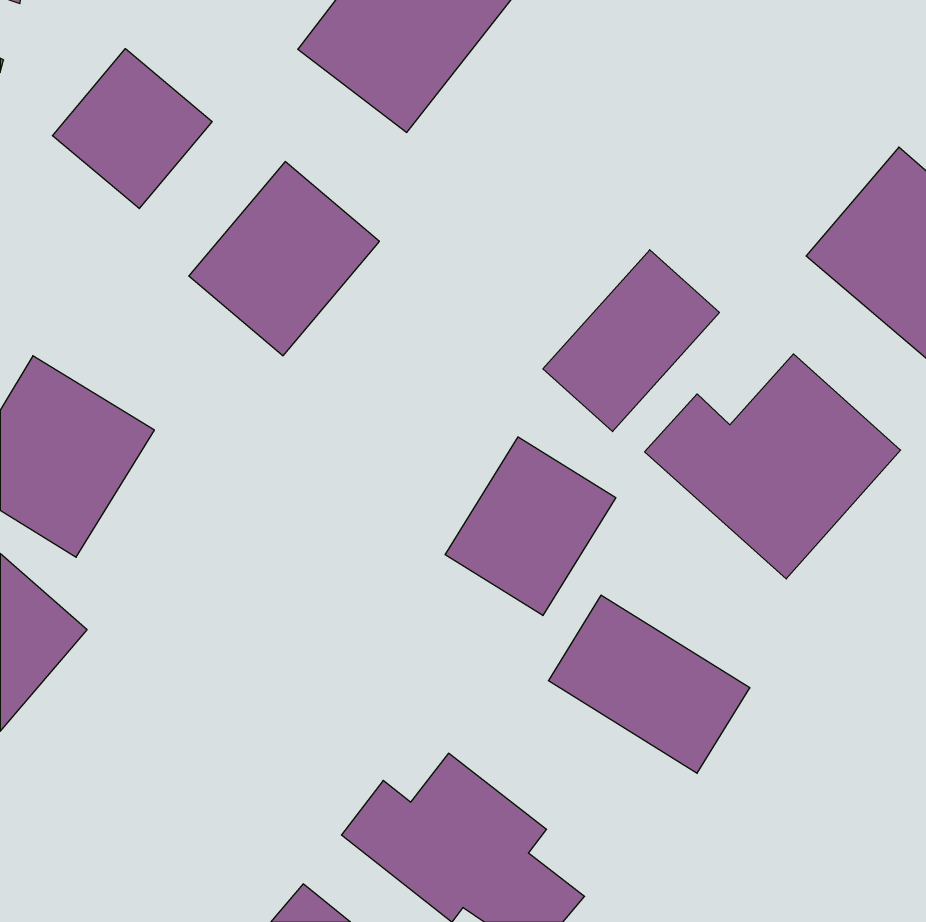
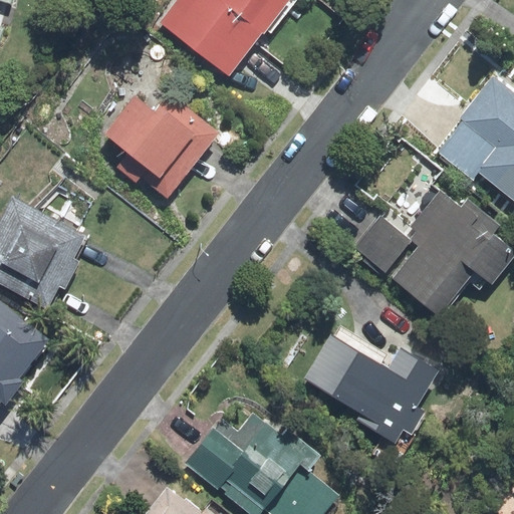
building: [52,49,212,209] -> none
building: [543,250,719,432] -> none
building: [445,437,616,616] -> none

